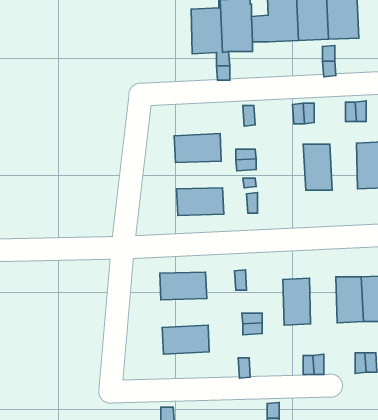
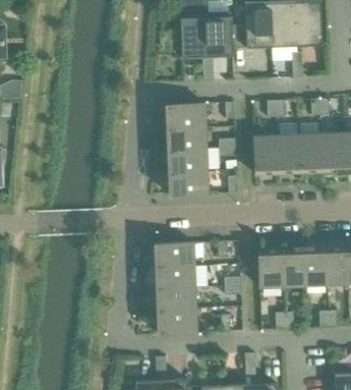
building: none -> [165,103,204,127]
building: none -> [297,133,320,173]
building: none -> [253,134,277,174]
building: none -> [167,149,207,172]
building: none -> [280,246,303,286]
building: none -> [155,265,194,289]
building: none -> [157,310,196,334]

